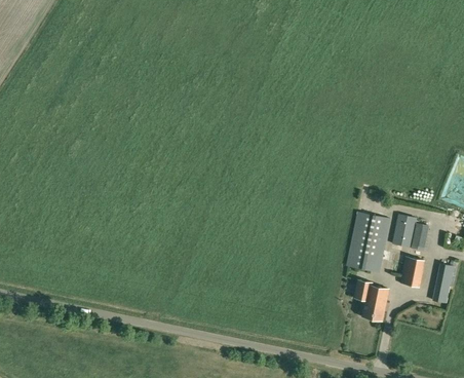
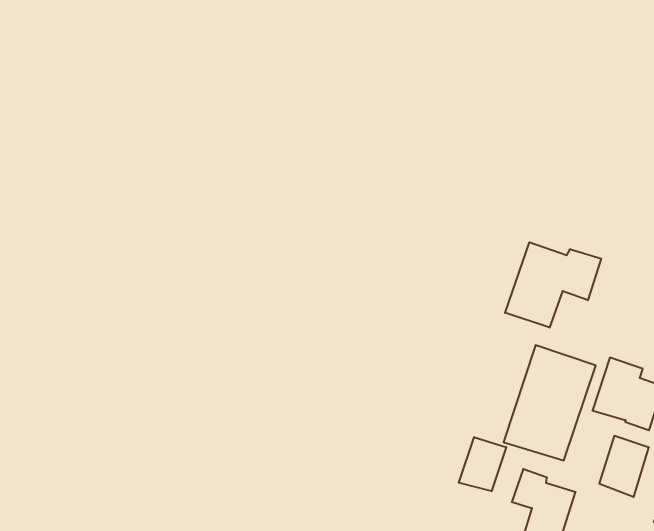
building: none -> [505,242,601,328]
building: none -> [459,437,506,491]

